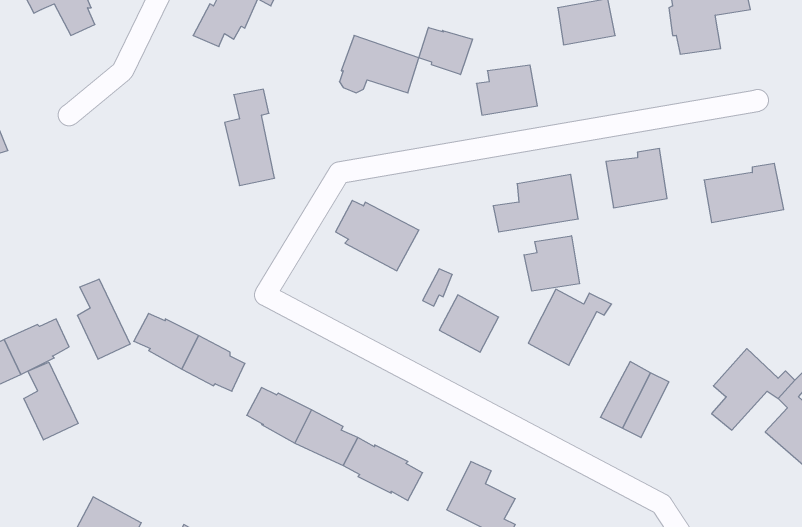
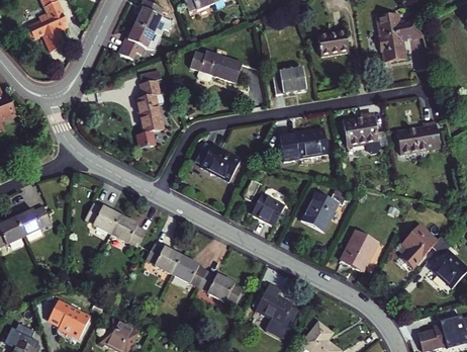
building: [419,27,473,75] -> none
building: [524,236,579,291] -> none
building: [78,279,130,359] -> none
building: [24,362,78,440] -> none

